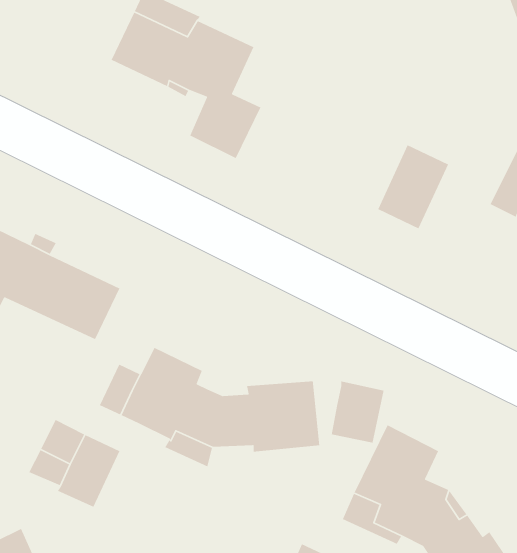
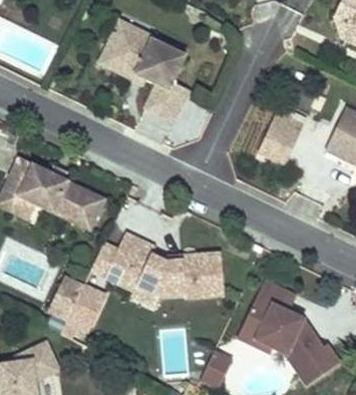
building: [331,381,384,443] -> none

